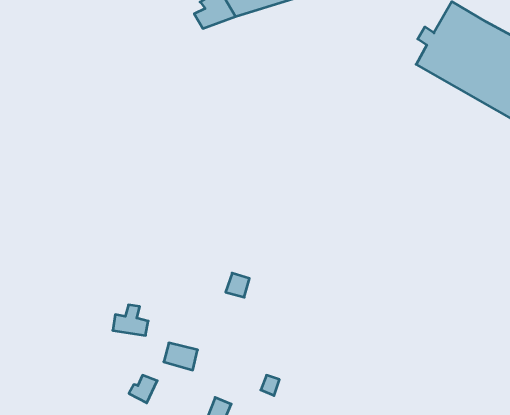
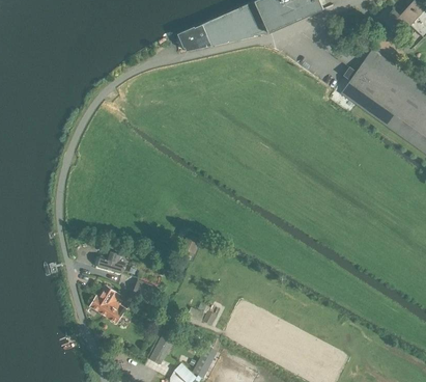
building: none -> [90,284,120,313]

